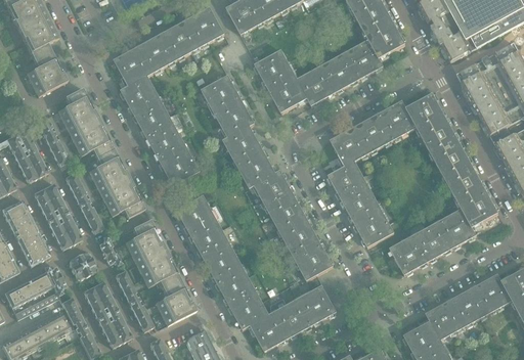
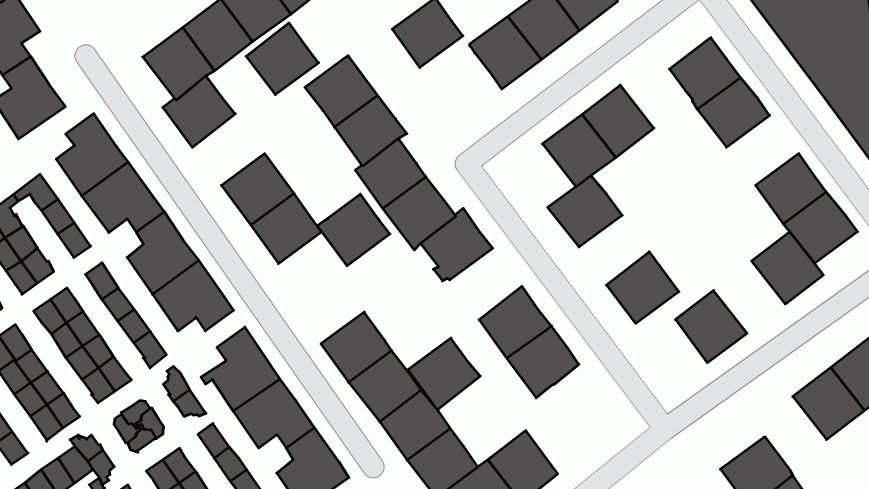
building: [267,73,307,111] -> none
building: [134,98,174,137] -> [246,23,319,95]
building: [378,100,417,139] -> none
building: [432,141,472,179] -> none
building: [342,185,381,223] -> none
building: [267,193,307,232] -> [408,338,480,410]
building: [177,194,217,233] -> [317,194,390,266]
building: [413,221,452,261] -> none
building: [298,284,337,324] -> none
building: [426,300,465,339] -> none

